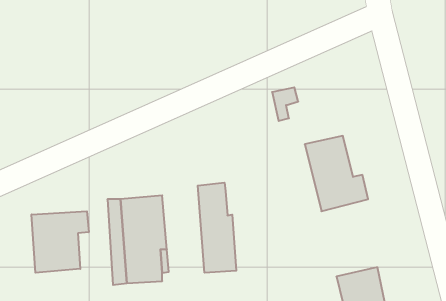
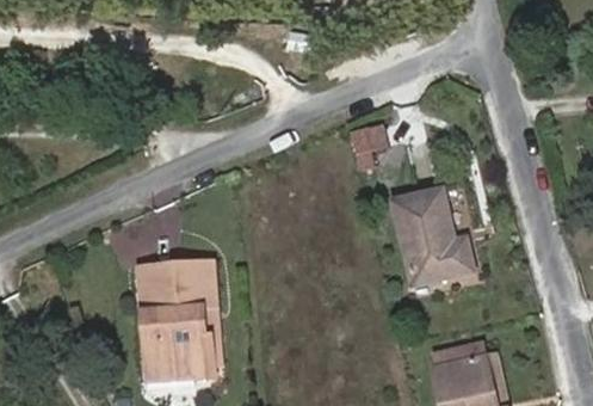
building: [198,183,236,273] -> none
building: [32,211,89,273] -> none

